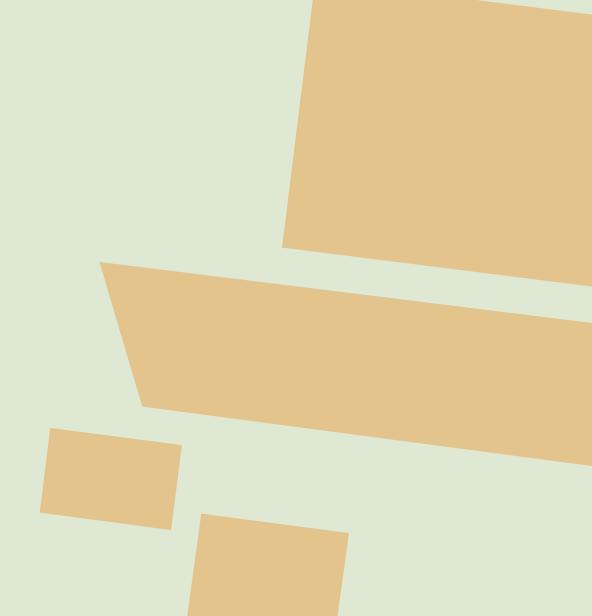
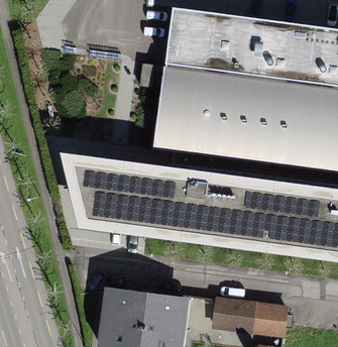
building: [39,427,182,531] -> none
building: none -> [218,297,290,329]

